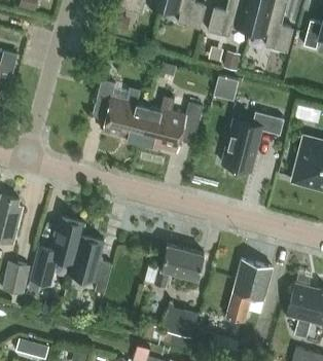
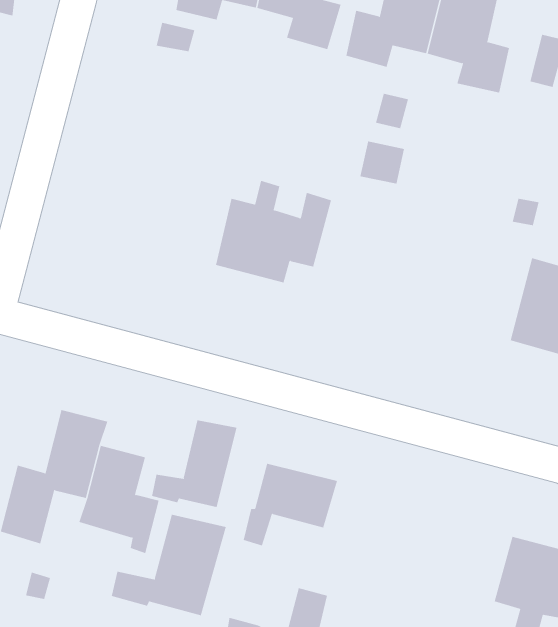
building: [94,80,148,141] -> none
building: [221,110,280,170] -> none
building: none -> [151,419,237,508]
building: [225,259,271,321] -> none
building: none -> [111,514,227,616]

